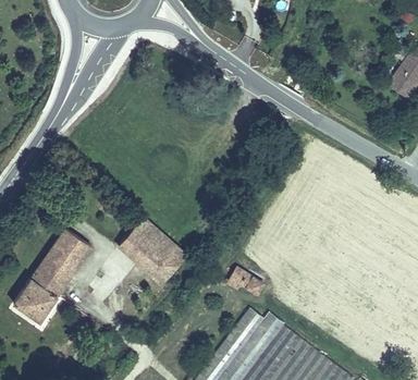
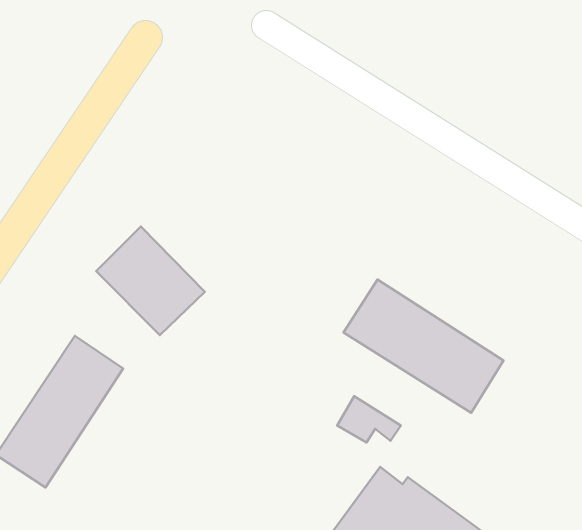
building: none -> [343,279,504,413]
building: [116,211,185,280] -> [96,226,205,335]

